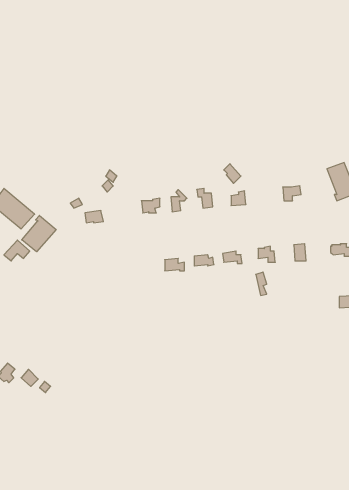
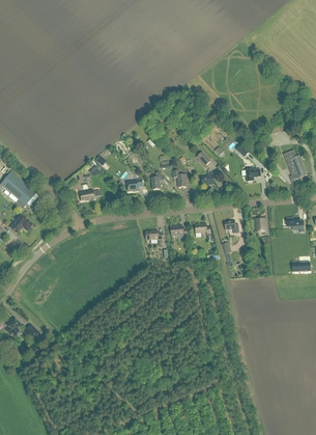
building: [22,215,56,252] -> none

